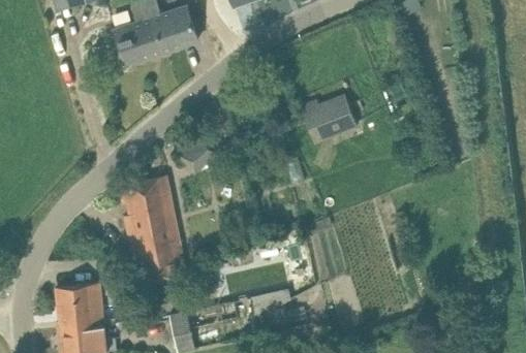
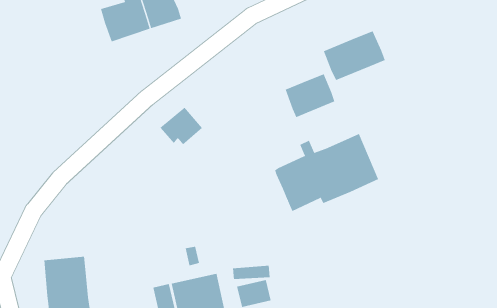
building: none -> [323,30,386,81]
building: none -> [274,133,379,212]
building: [119,175,184,283] -> none

